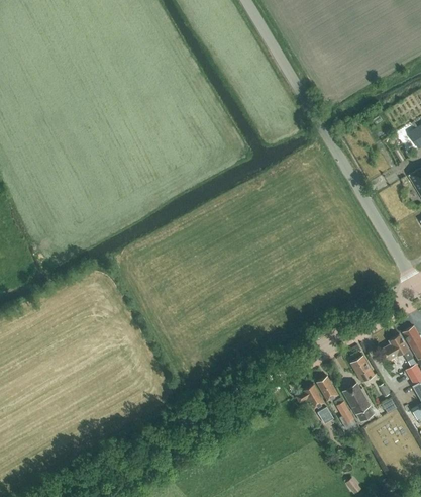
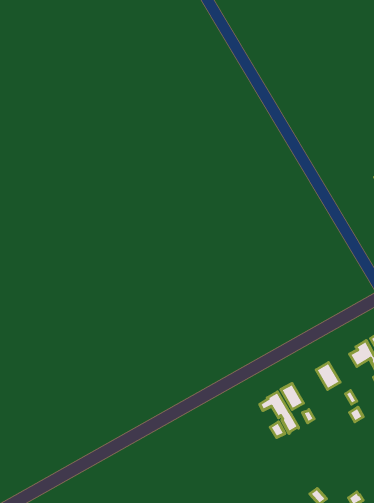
building: [343,384,374,421] -> none

